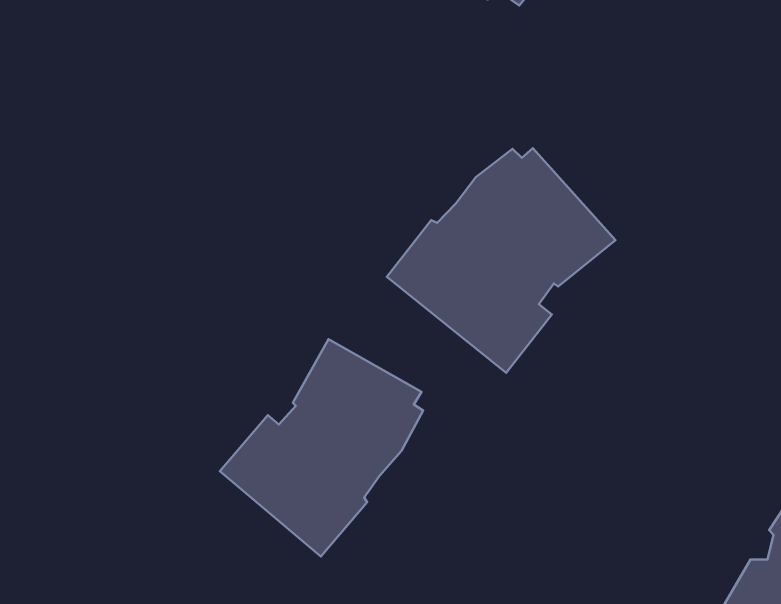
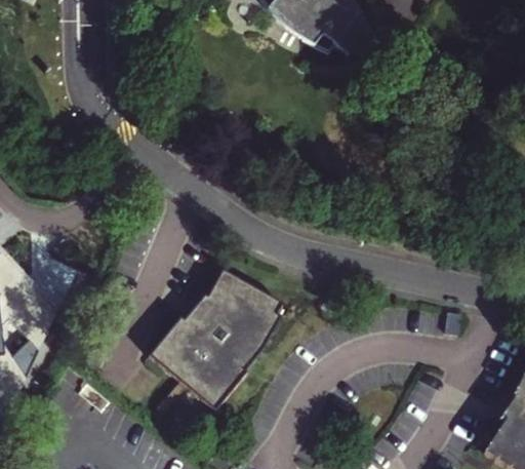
building: [387,148,616,373] -> none

